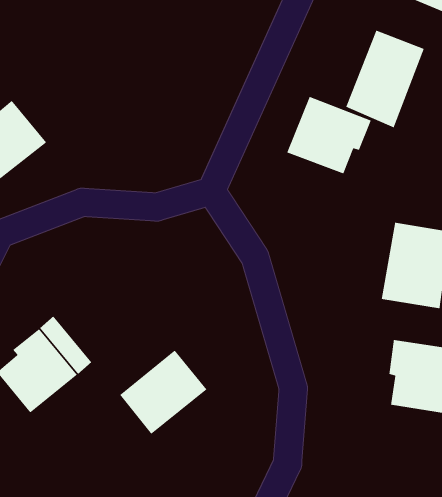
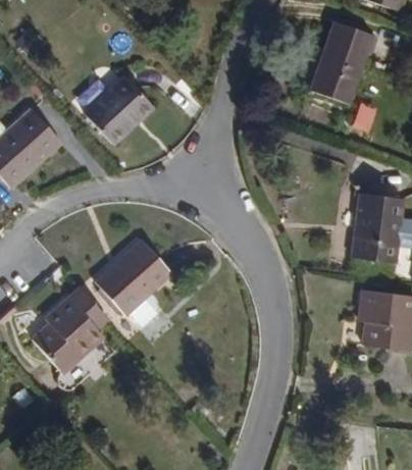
building: none -> [84,75,151,141]
building: [286,96,372,175] -> none
building: [119,349,208,435] -> [95,240,168,312]

